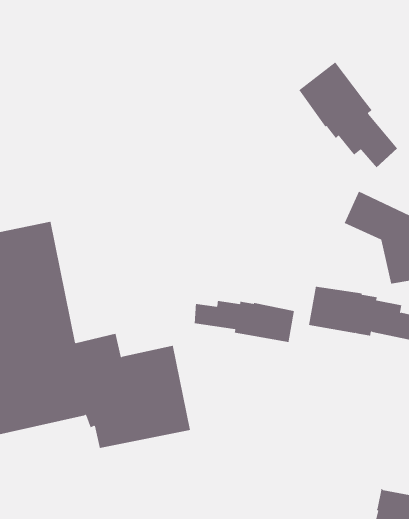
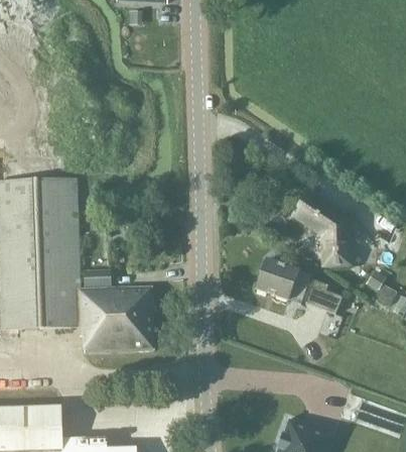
building: [298,61,398,168] -> none
building: [194,300,294,343] -> none

